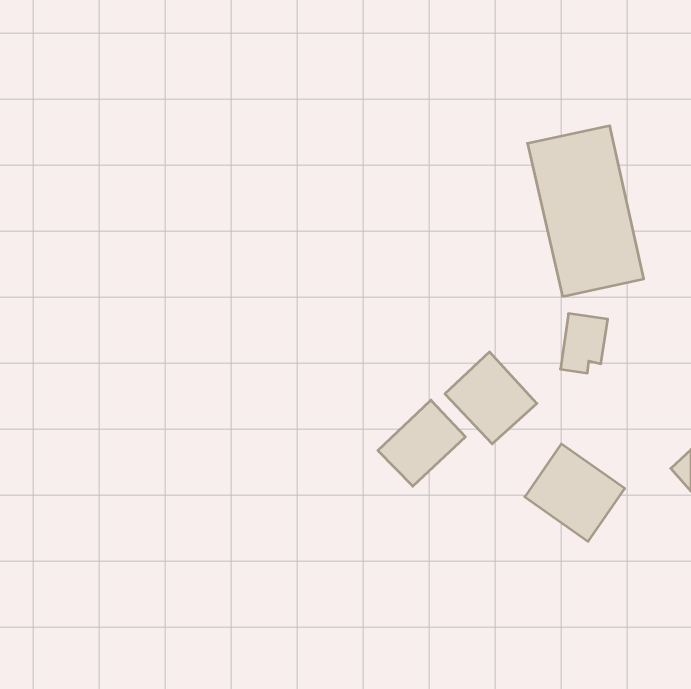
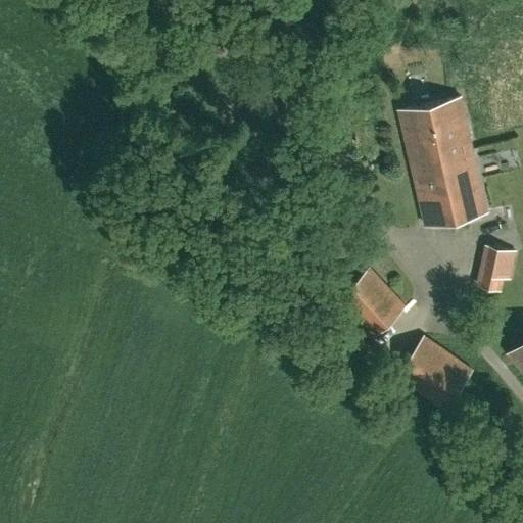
building: [560,314,608,373] -> [480,247,516,292]
building: [378,400,465,486] -> none

